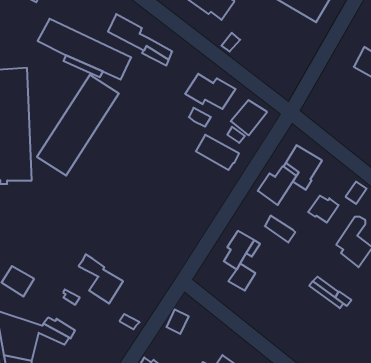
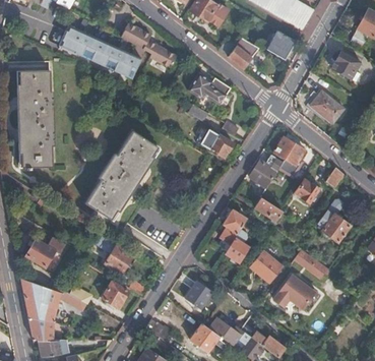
building: none -> [266,31,294,59]
building: [37,75,119,176] -> [86,132,158,220]
building: none -> [308,89,341,121]
building: [231,100,267,135] -> [227,38,258,68]
building: none -> [250,250,280,281]
building: none -> [272,275,315,309]
building: none -> [101,281,129,308]
building: none -> [187,281,213,308]

